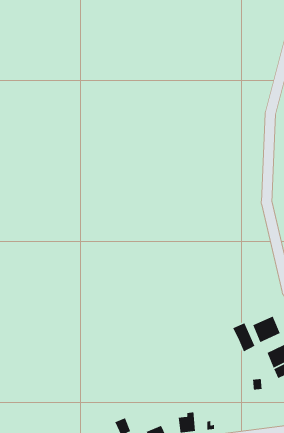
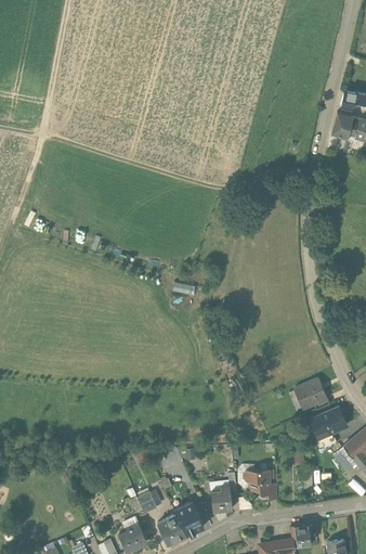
building: [232,322,256,353] -> none
building: none -> [246,468,270,493]

